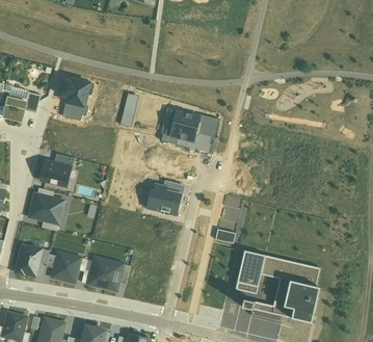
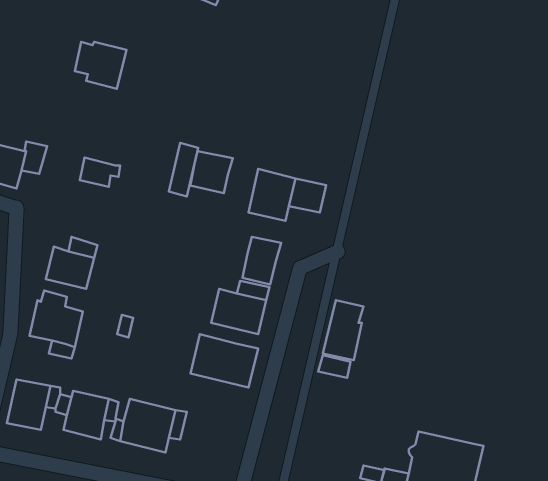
building: [57,77,90,107] -> [75,42,127,89]
building: none -> [190,151,233,193]
building: none -> [242,237,281,285]
building: none -> [190,334,258,388]
building: [235,251,320,293] -> none

